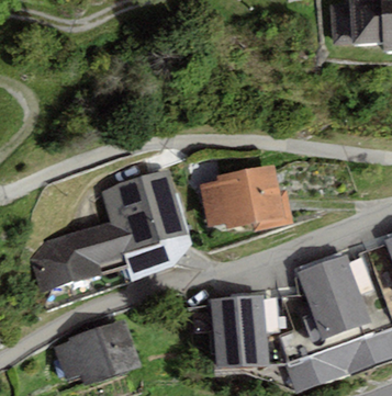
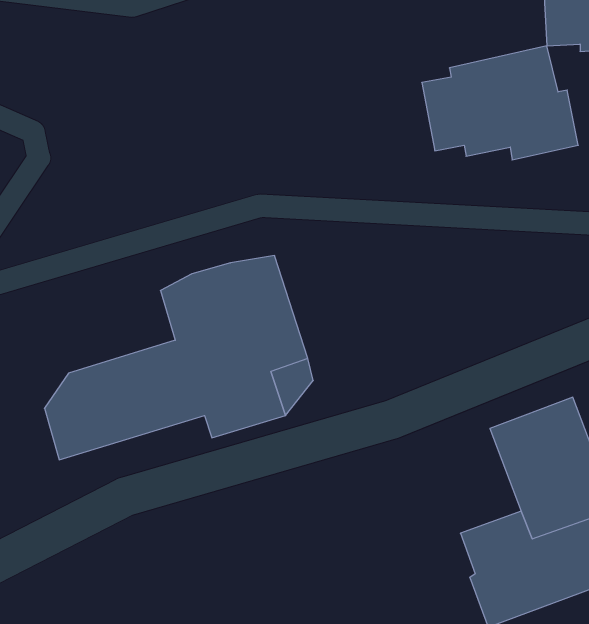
building: [200,161,293,229] -> [422,46,578,160]
building: [211,295,268,366] -> none
building: [54,317,142,385] -> none

